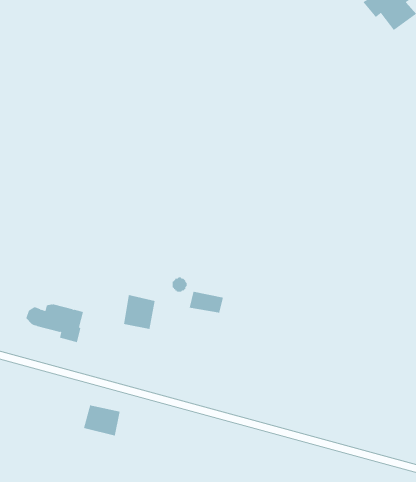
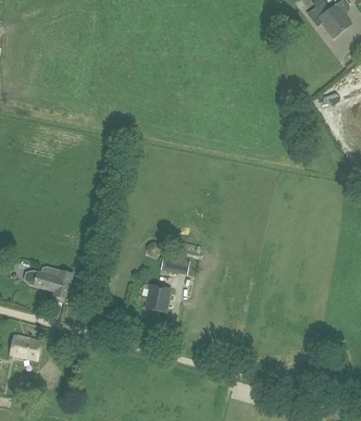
building: [123,294,155,329] -> [145,283,172,312]
building: [83,405,121,436] -> [10,335,41,361]

